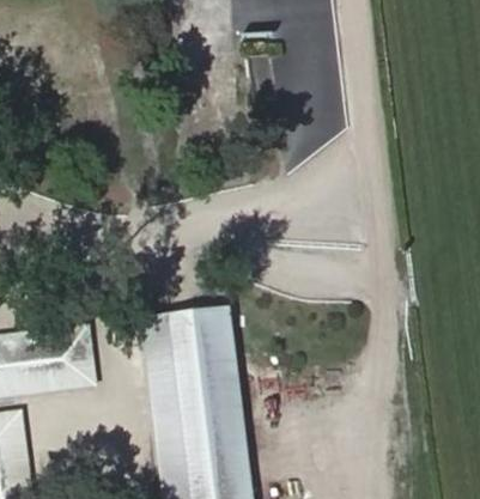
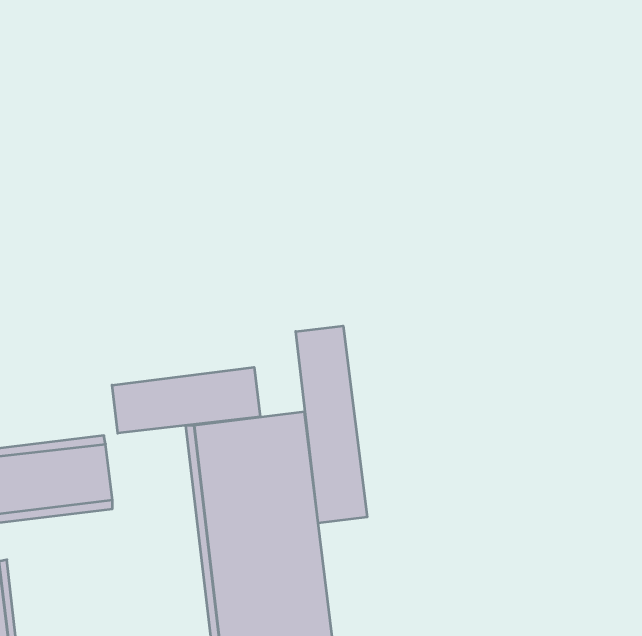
building: none -> [296,326,367,523]
building: none -> [112,367,260,433]

